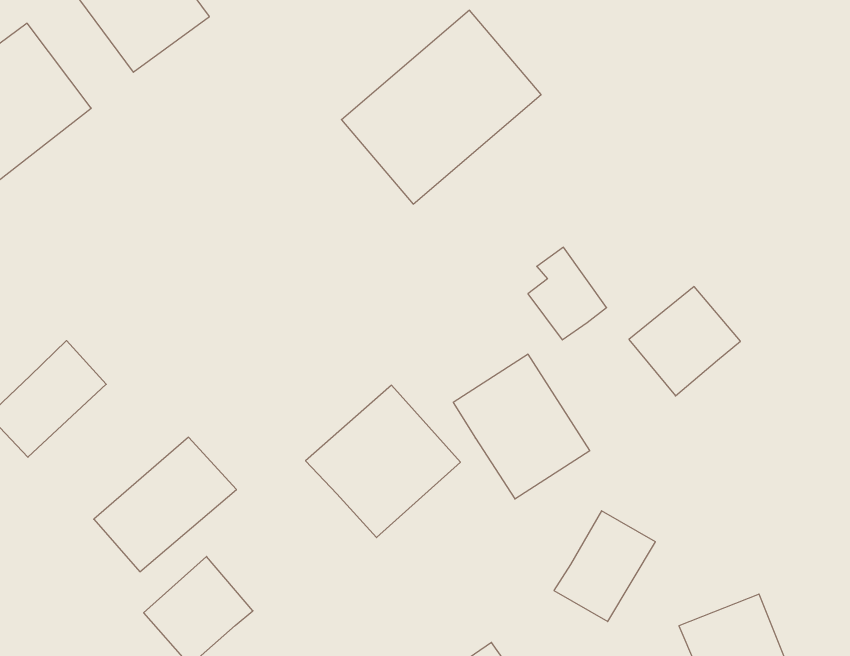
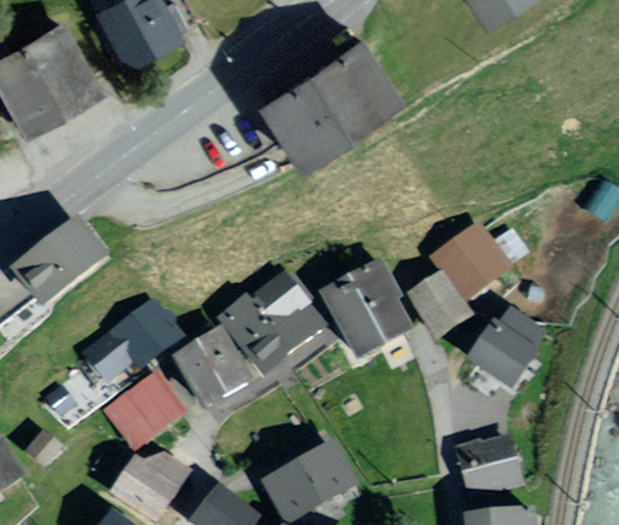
building: [528,247,607,340] -> [415,275,464,334]
building: none -> [178,338,245,408]
building: [554,511,655,622] -> [472,313,539,385]

